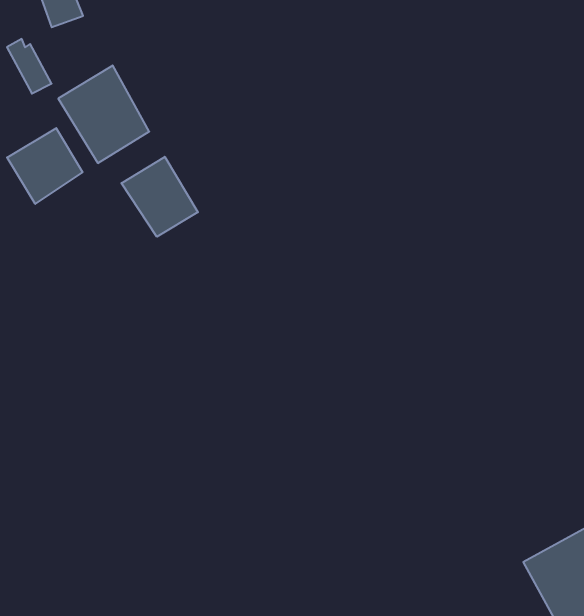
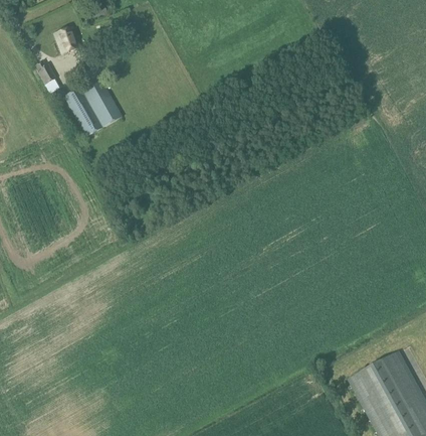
building: [7,128,83,204] -> none
building: [121,157,198,237] -> none

